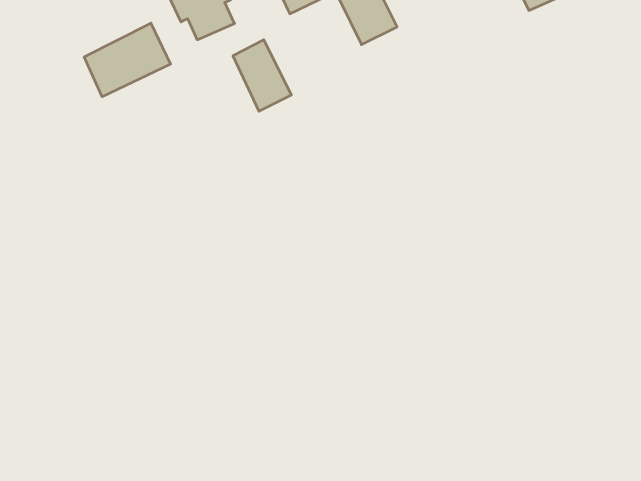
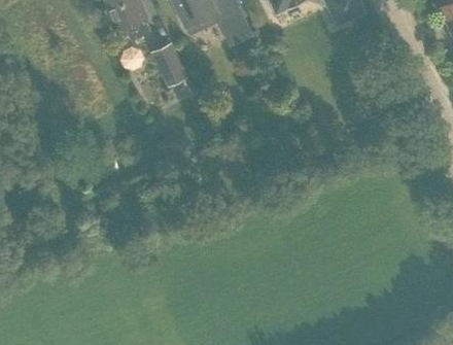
building: [84,23,171,97] -> none

